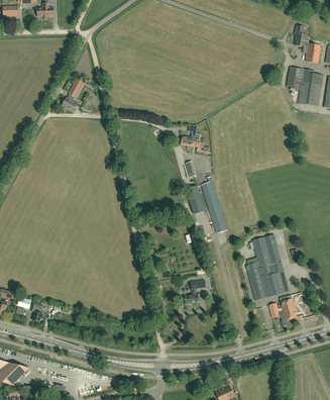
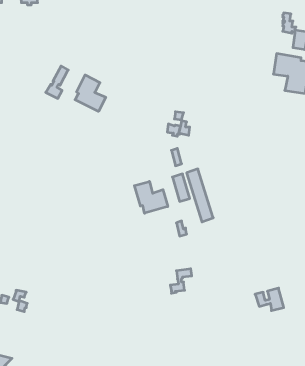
building: none -> [75,75,106,111]
building: none -> [134,181,168,213]
building: [246,233,289,299] -> none

